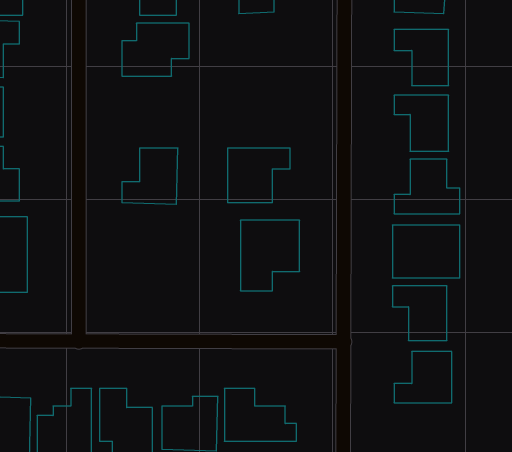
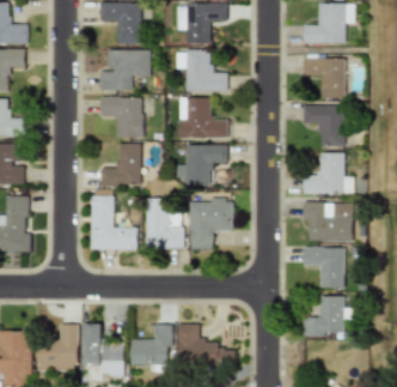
building: none -> [185,50,226,91]
building: none -> [100,96,143,137]
building: none -> [178,97,226,138]
building: none -> [91,194,135,250]
building: none -> [145,199,183,248]

